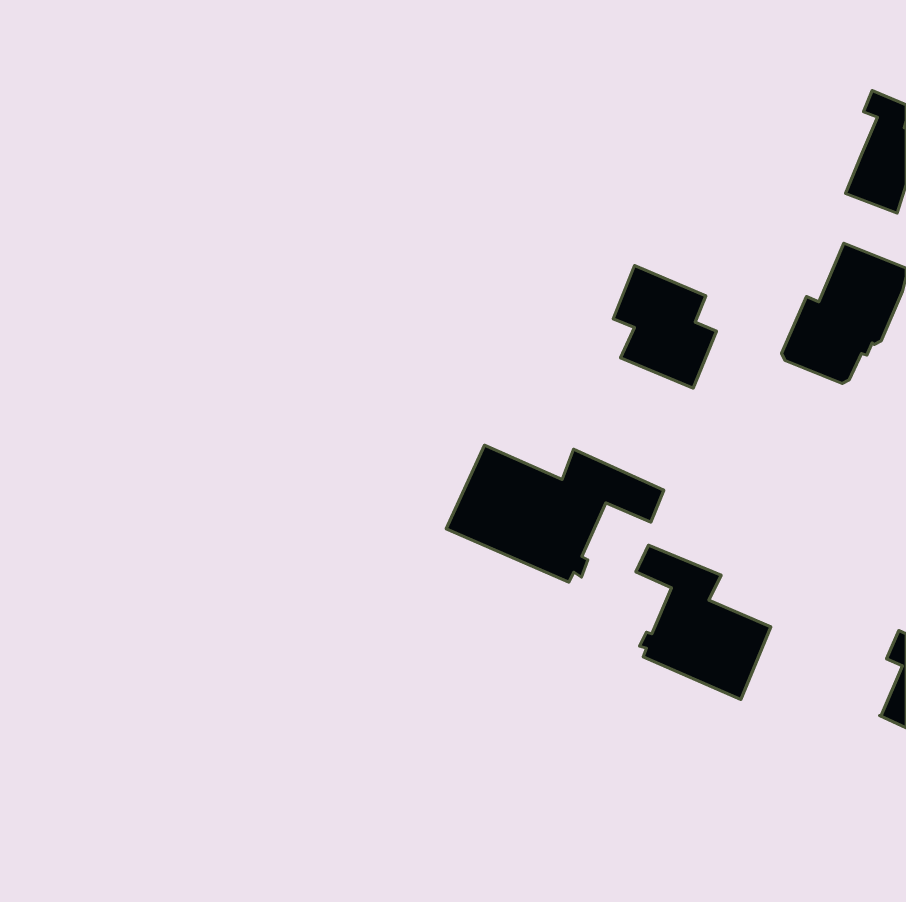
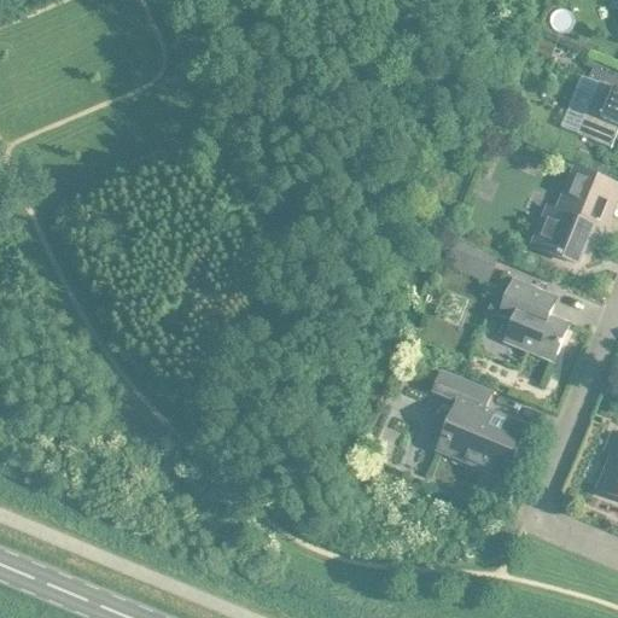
building: [613,266,716,388] -> [497,276,567,360]
building: [446,445,664,582] -> none

